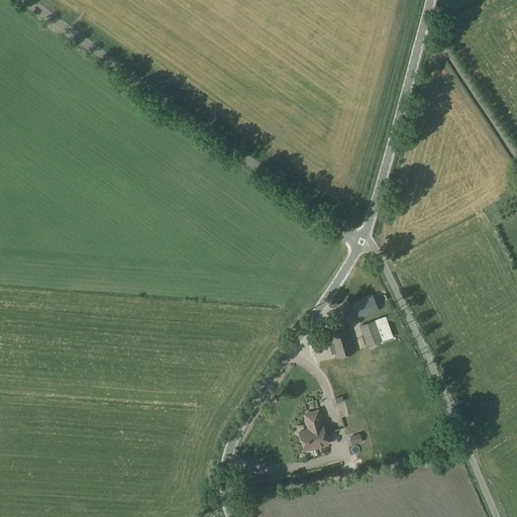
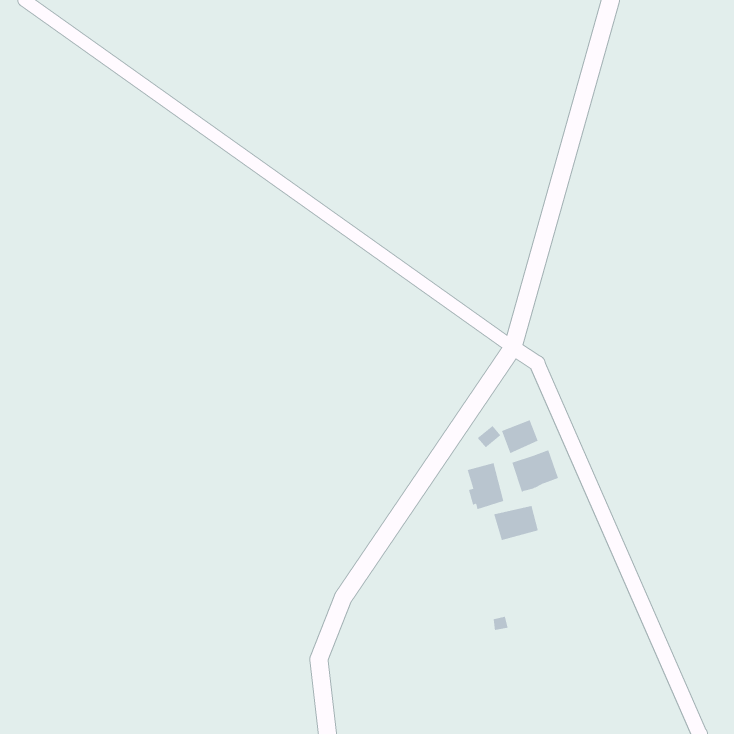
building: none -> [494,505,539,541]
building: [299,410,328,450] -> none

